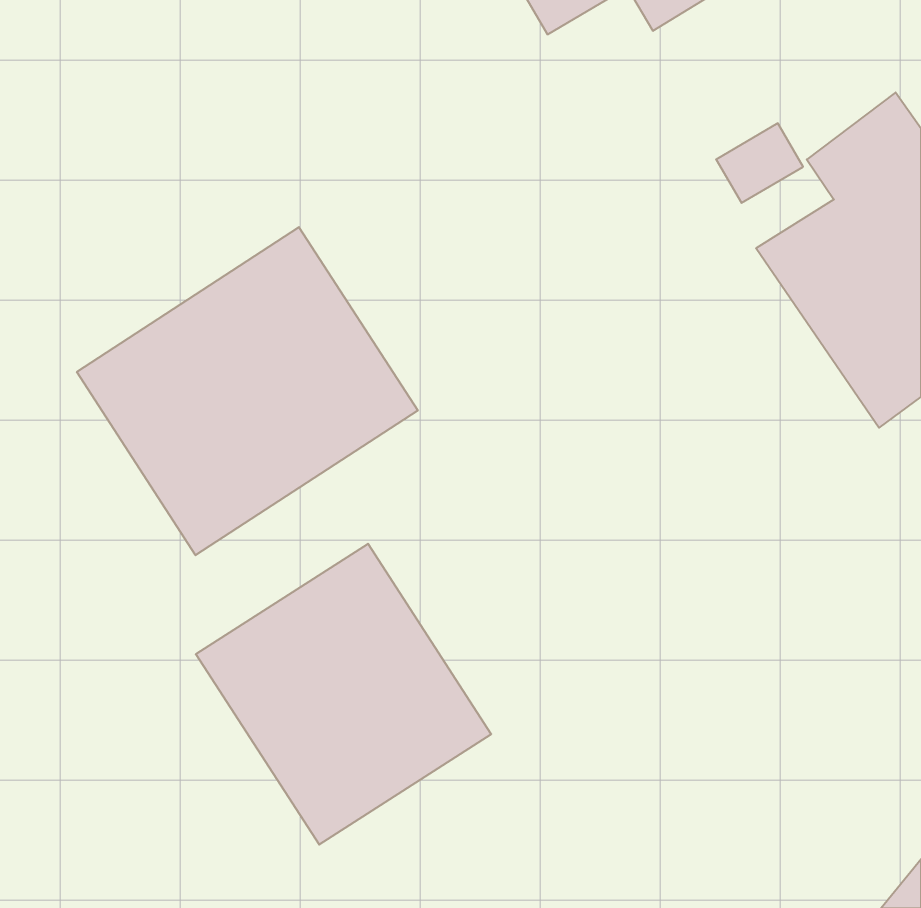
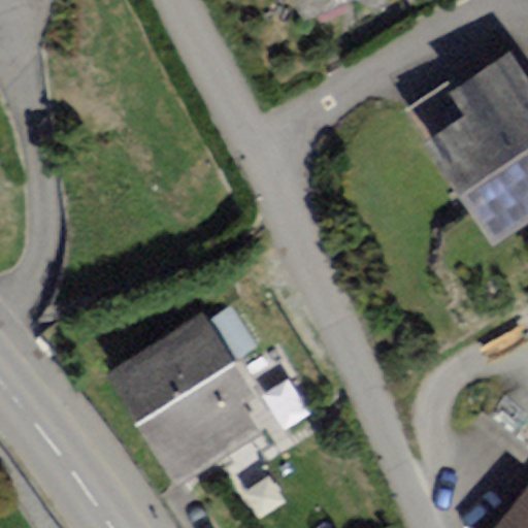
building: [77,227,418,555] -> none

